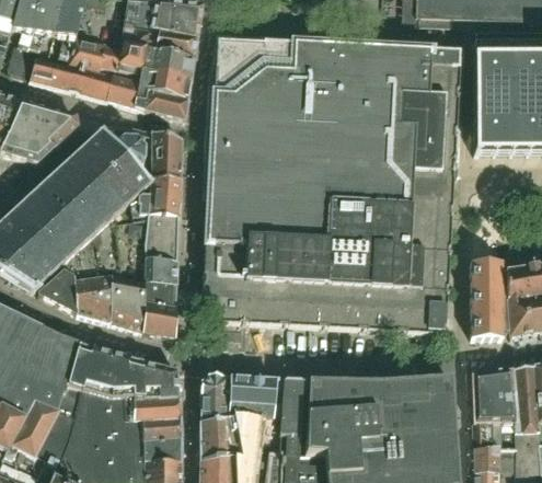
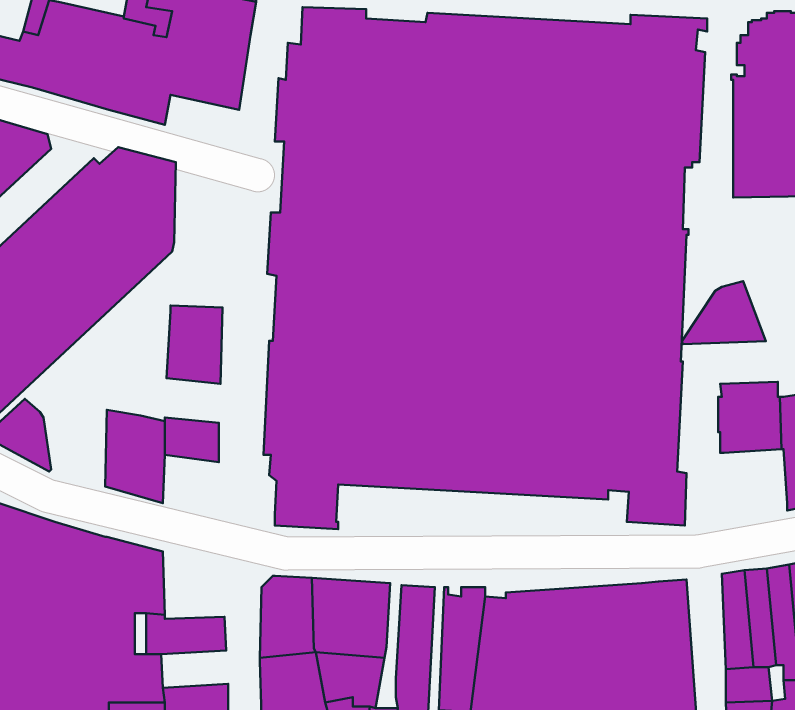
building: [143,91,187,119] -> none
building: [129,130,181,219] -> none
building: none -> [682,281,766,344]
building: [143,257,176,284] -> none
building: [72,276,109,321] -> none
building: [470,299,509,335] -> none
building: [142,302,175,336] -> none
building: [142,359,178,399] -> none
building: [141,417,181,439] -> none

